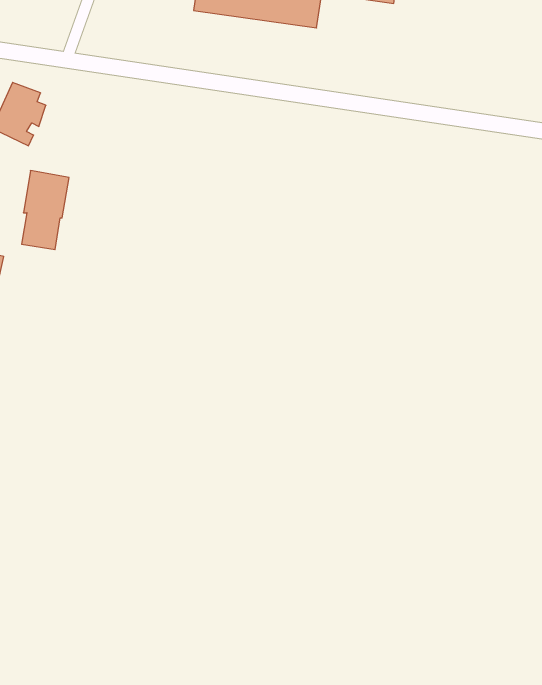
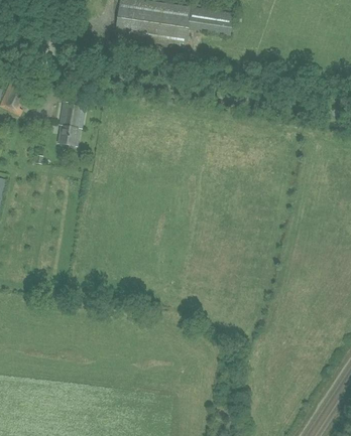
building: [22,171,69,250] -> [57,100,85,145]

